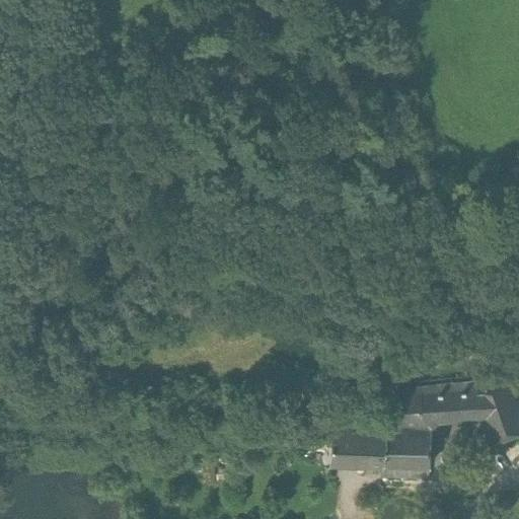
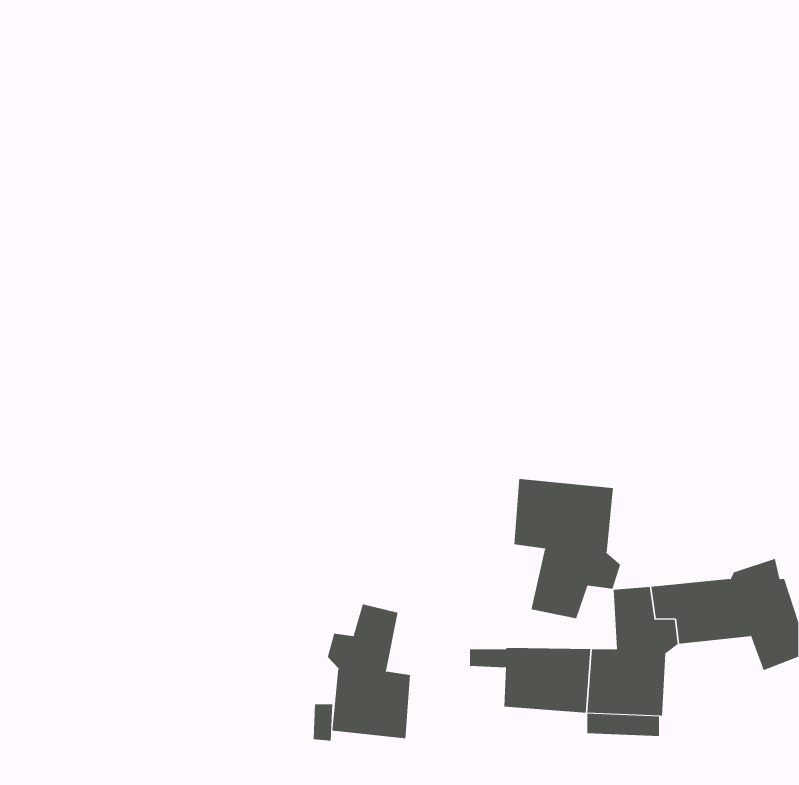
building: none -> [514,478,621,619]
building: none -> [327,604,410,739]

